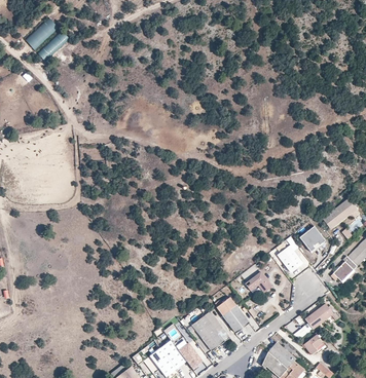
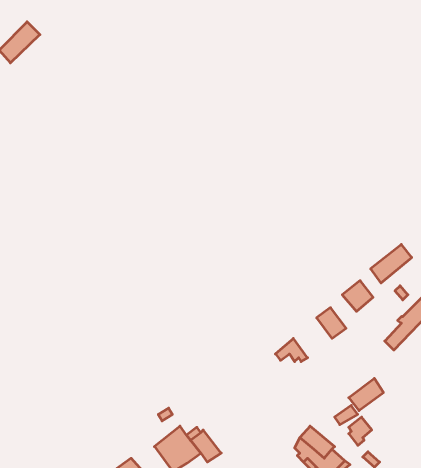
building: [217,297,250,332] -> none
building: [192,310,231,351] -> none

